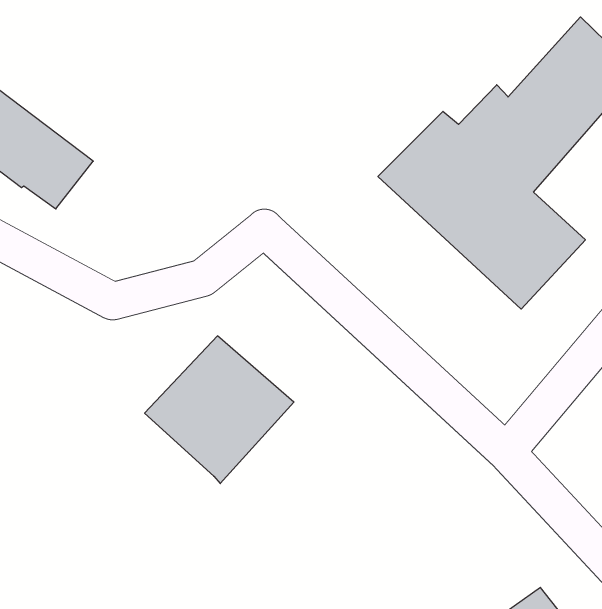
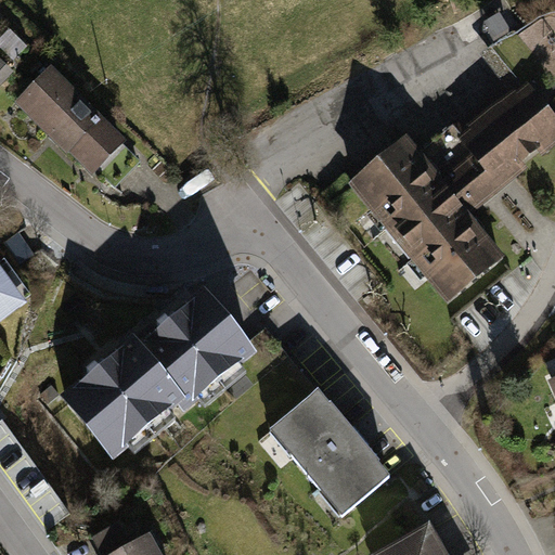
building: none -> [57,334,185,462]
building: none -> [268,389,395,522]

